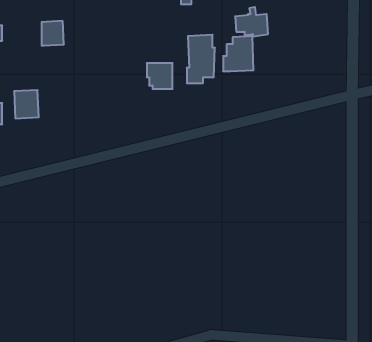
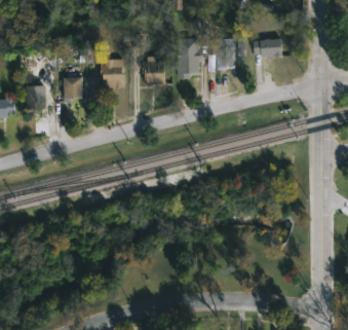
building: [235,7,268,36] -> [254,33,282,59]
building: [42,21,64,46] -> [64,77,83,99]
building: none -> [101,59,123,87]

